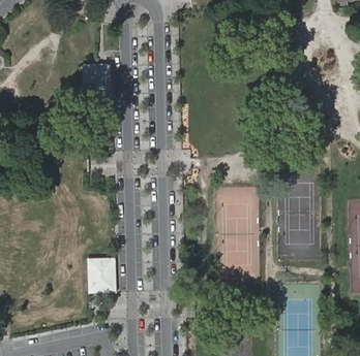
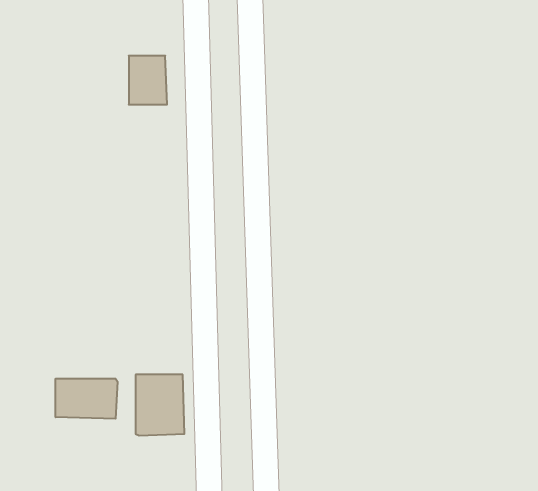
building: none -> [56,379,117,419]

